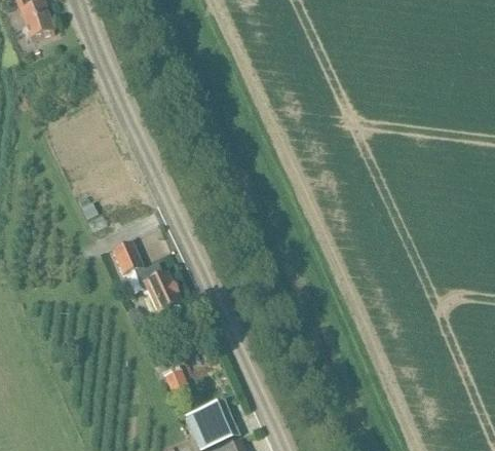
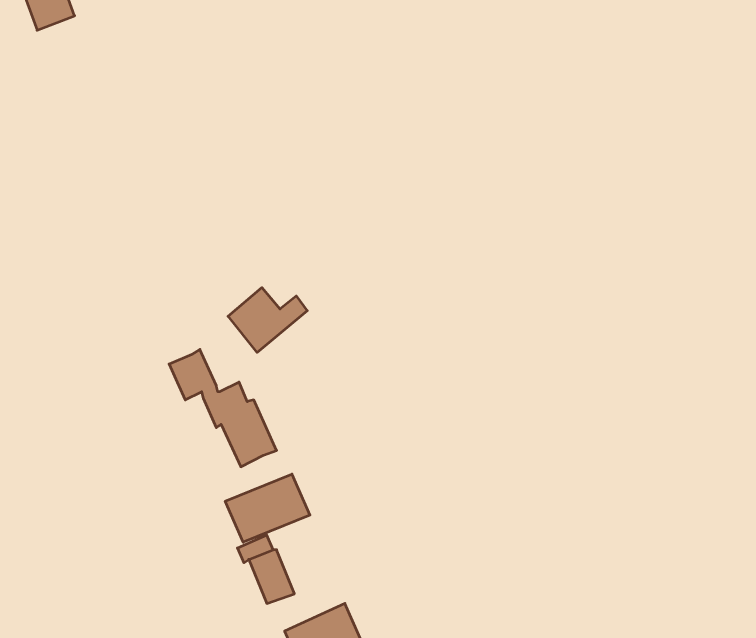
building: none -> [228,288,307,352]
building: none -> [225,474,310,542]

